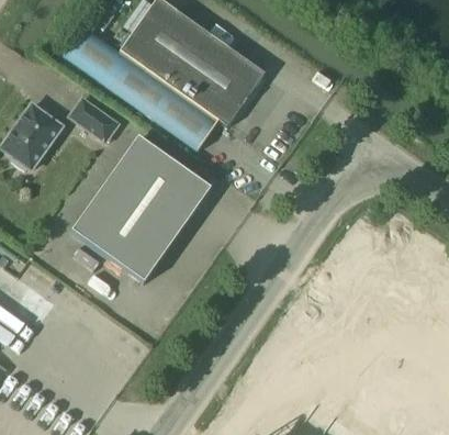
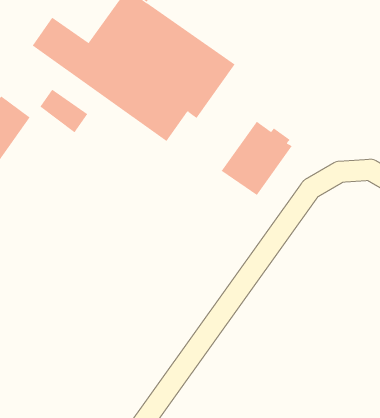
building: none -> [221,121,293,196]
building: [71,135,211,281] -> none

